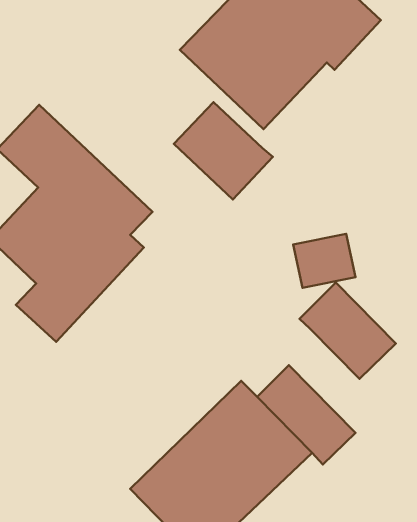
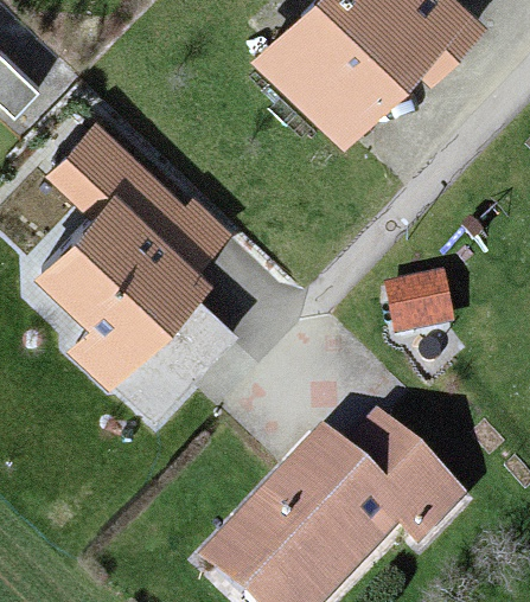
building: [174,102,273,200] -> none
building: [300,283,396,379] -> none

